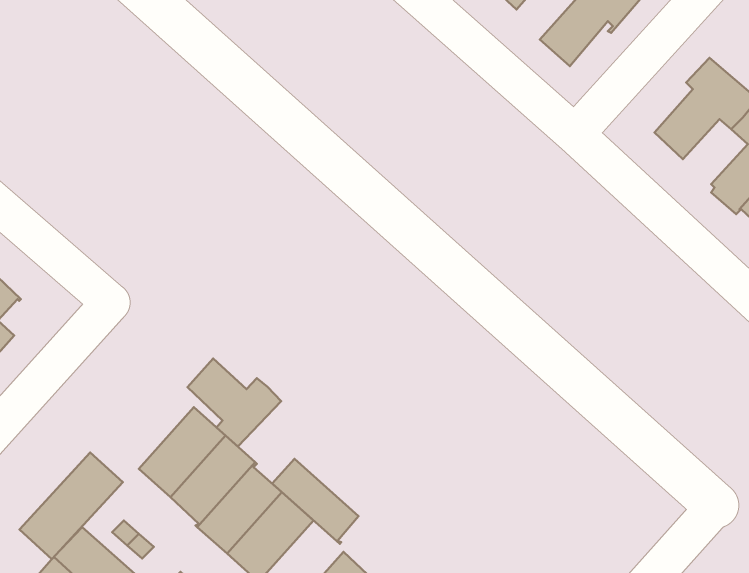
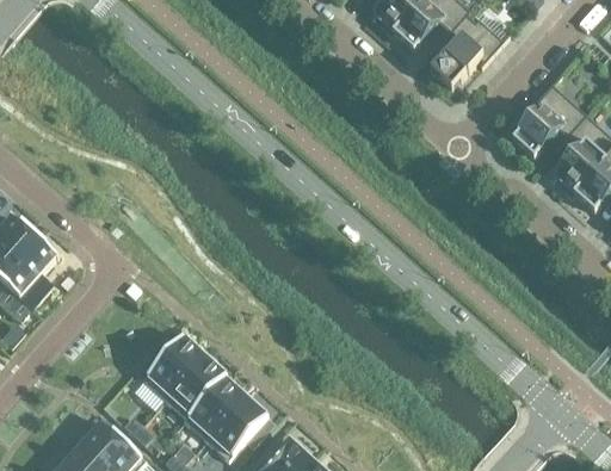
building: [188,359,281,447] -> none
building: [19,452,123,559] -> none
building: [272,459,358,544] -> none

